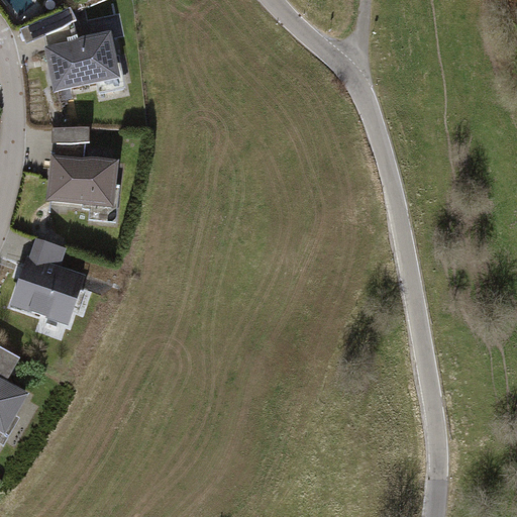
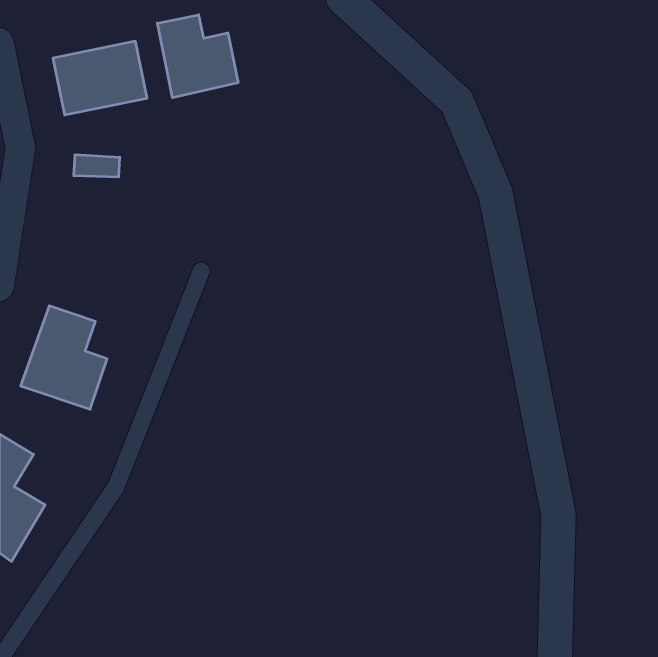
building: none -> [157,15,238,98]
building: [41,152,112,207] -> none

